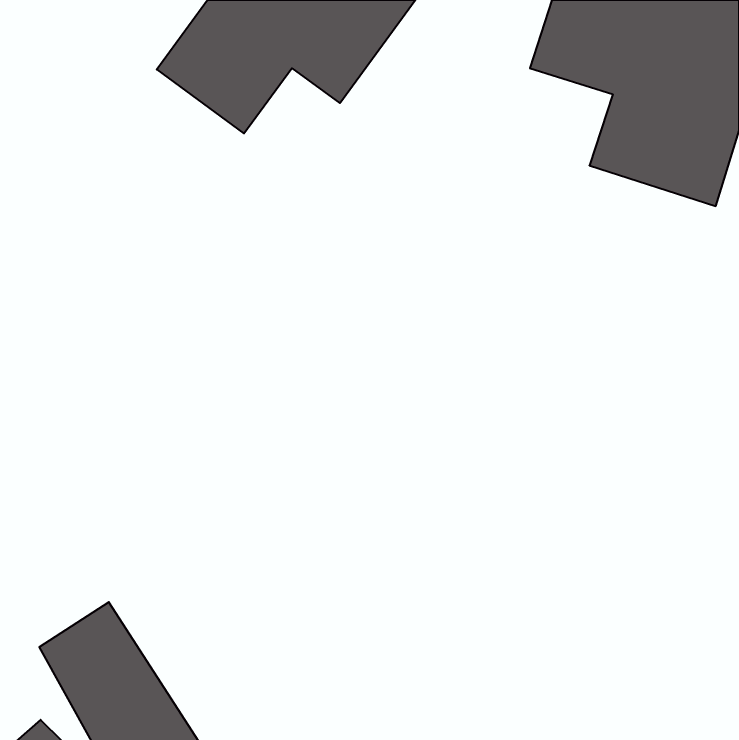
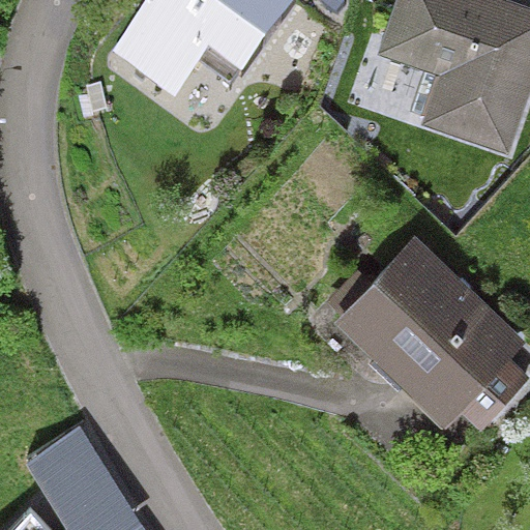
building: none -> [329,226,522,417]

